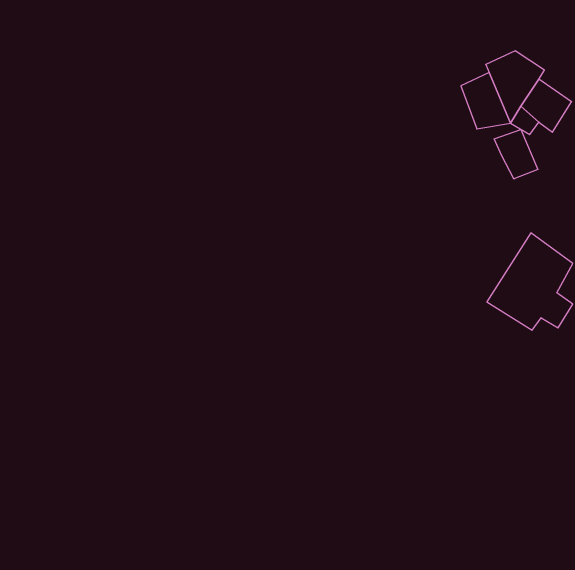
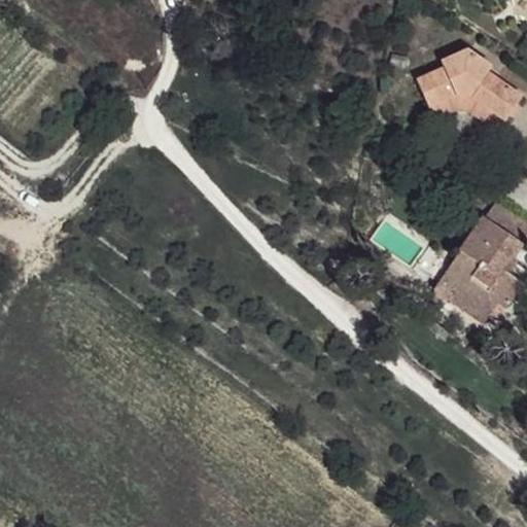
building: [494,129,538,179] -> none
building: none -> [433,275,491,323]

